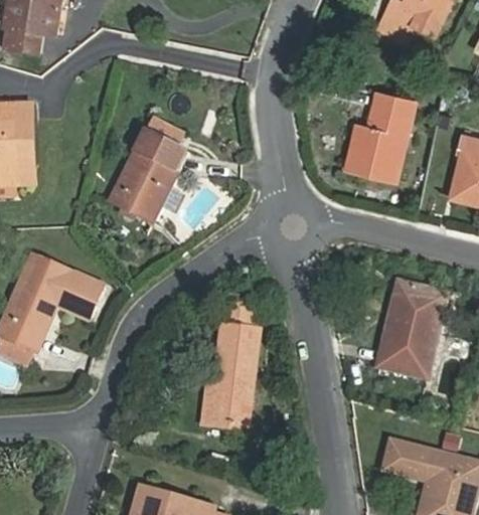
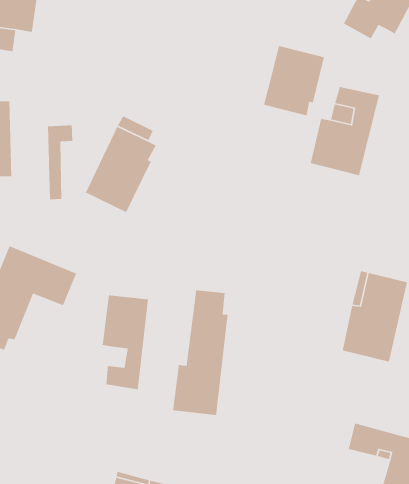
building: none -> [263,45,325,116]
building: none -> [47,125,73,200]
building: none -> [102,294,149,390]

